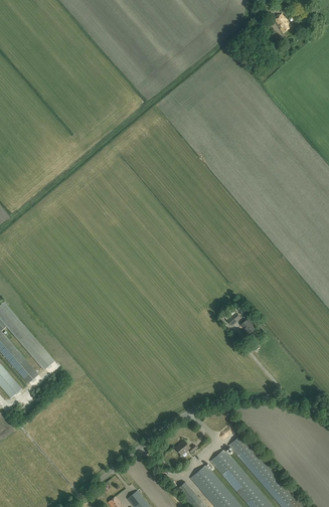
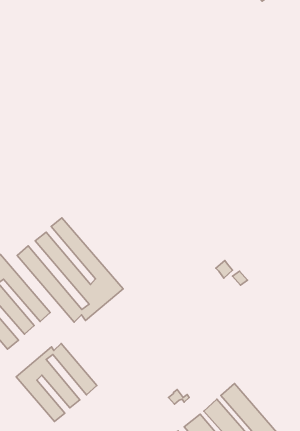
building: none -> [17,218,123,322]
building: none -> [16,344,97,421]

